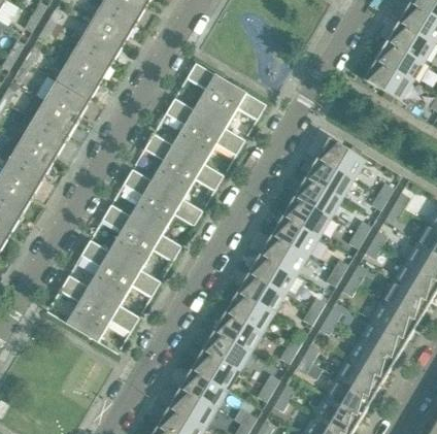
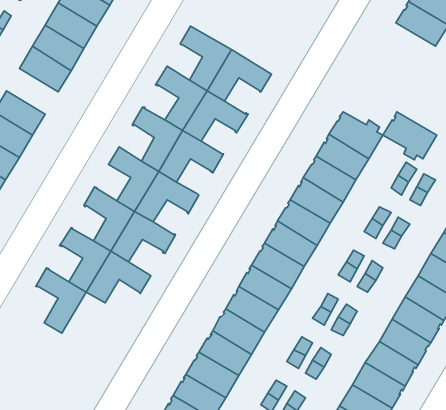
building: [363,59,410,101] -> [383,112,437,160]
building: [33,99,78,139] -> none
building: [81,296,139,342] -> none

